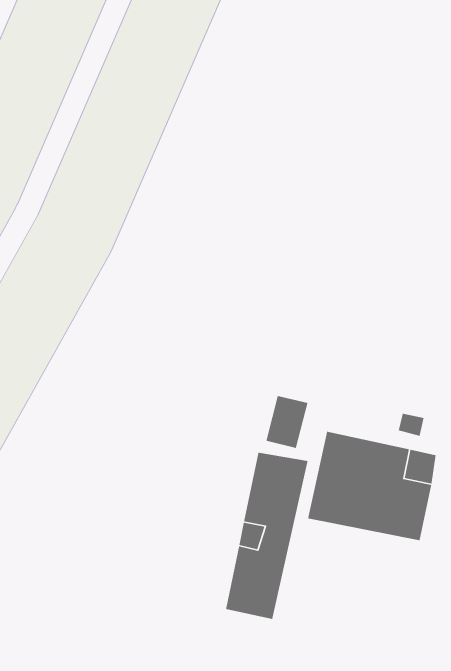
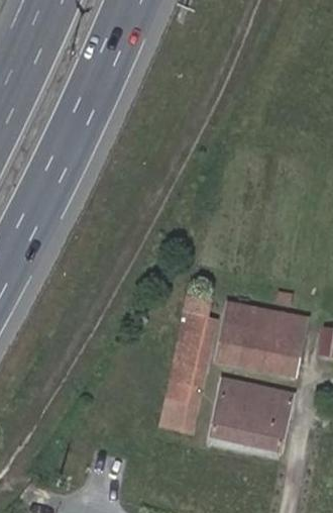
building: none -> [210,379,291,450]

